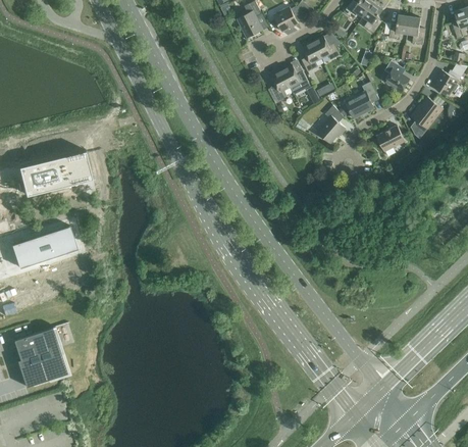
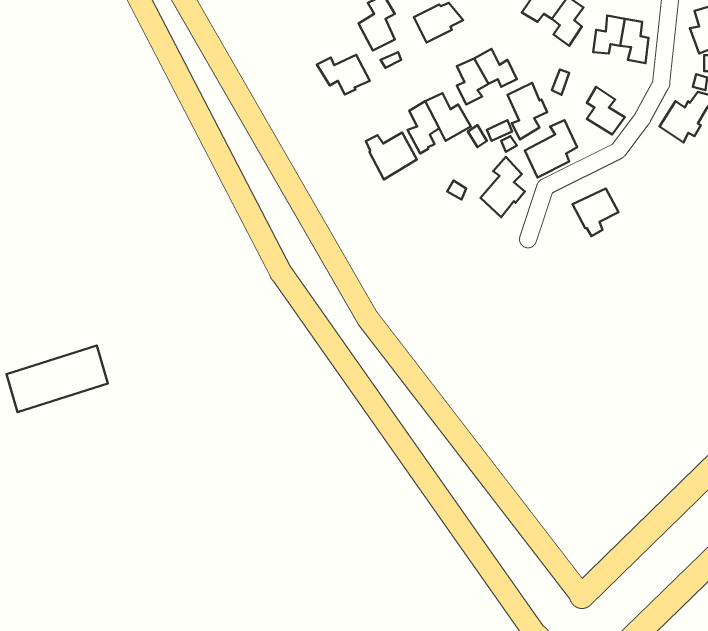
building: none -> [317,55,370,95]
building: none -> [508,83,547,140]
building: none -> [366,132,417,179]
building: [410,96,444,138] -> none
building: [15,151,89,196] -> none
building: [13,327,66,387] -> none

